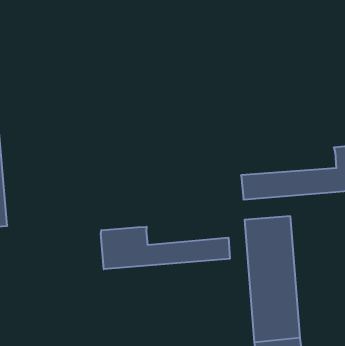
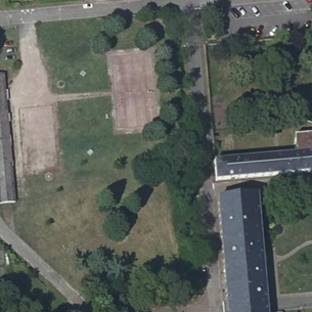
building: [101,227,230,269] -> none

